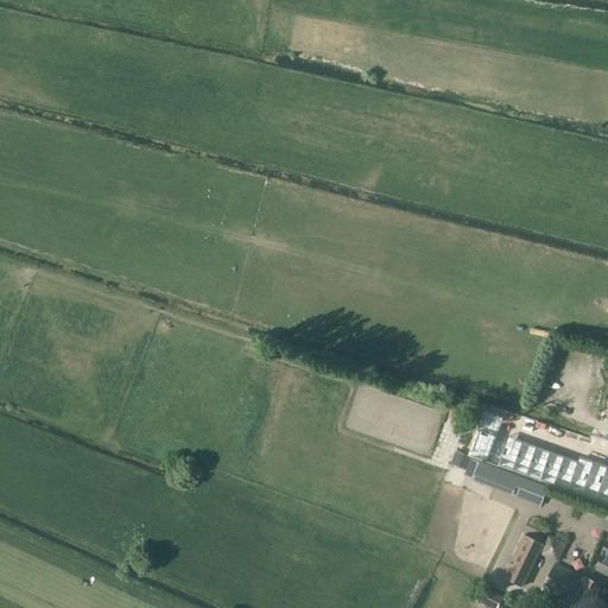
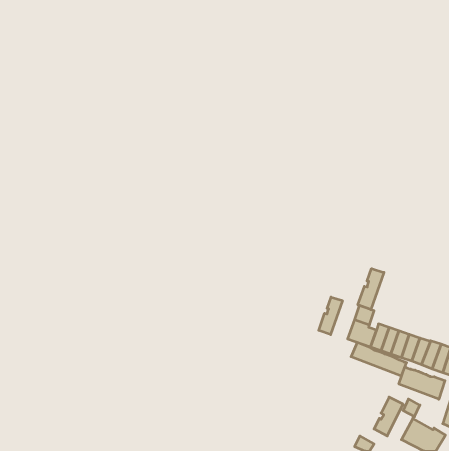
building: none -> [358,269,384,310]
building: none -> [319,297,342,335]
building: none -> [399,367,445,399]

